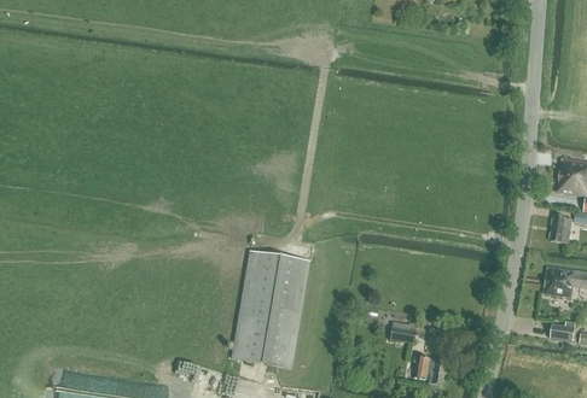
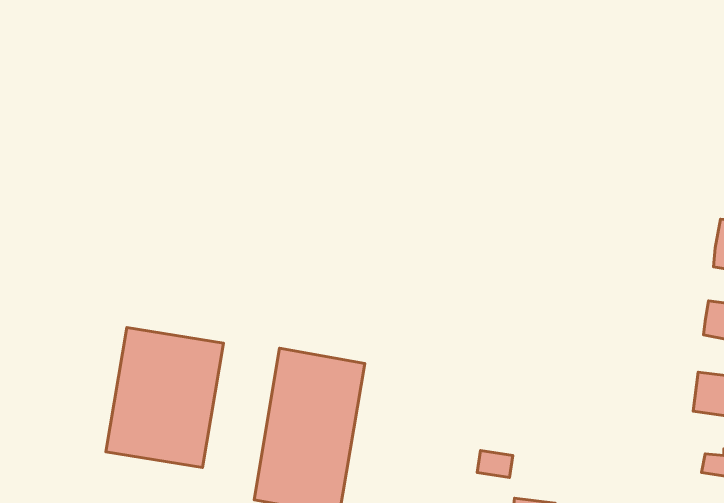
building: none -> [106,328,224,467]

